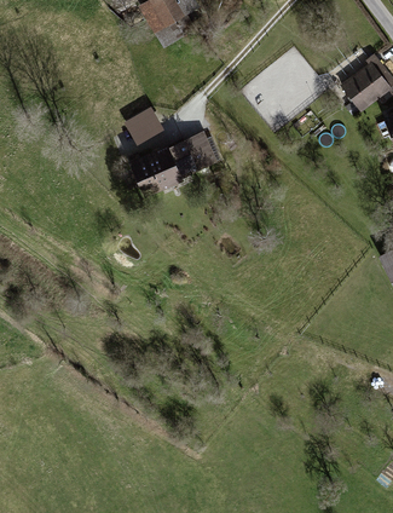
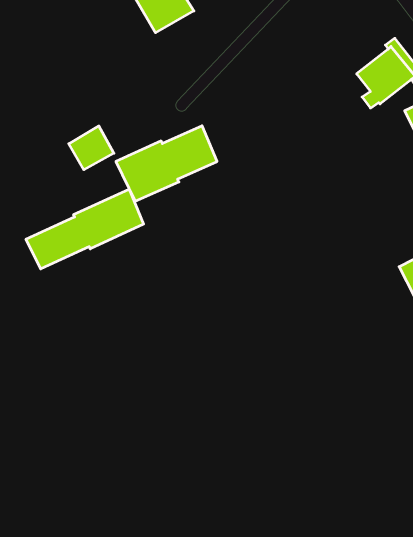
building: [123,108,163,146] -> [69,126,114,170]
building: none -> [26,189,144,269]

